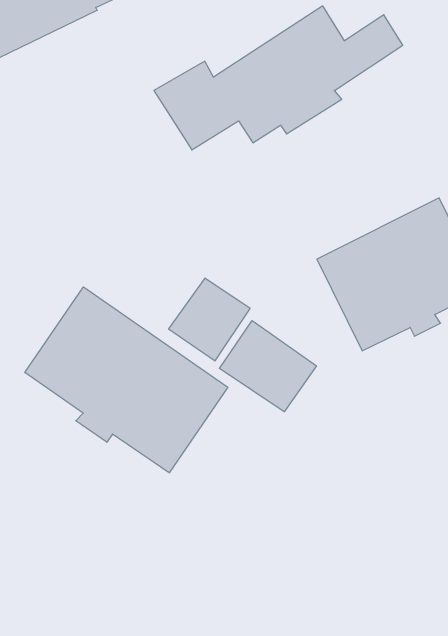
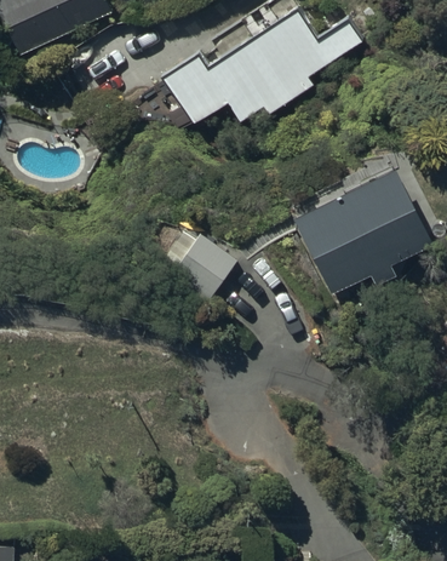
building: [25,287,228,473] -> none
building: [219,321,316,412] -> none

